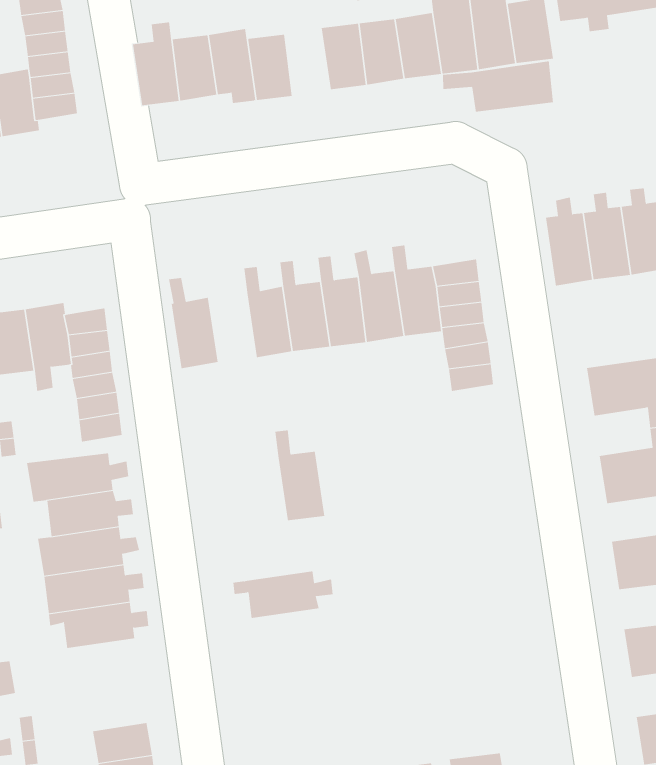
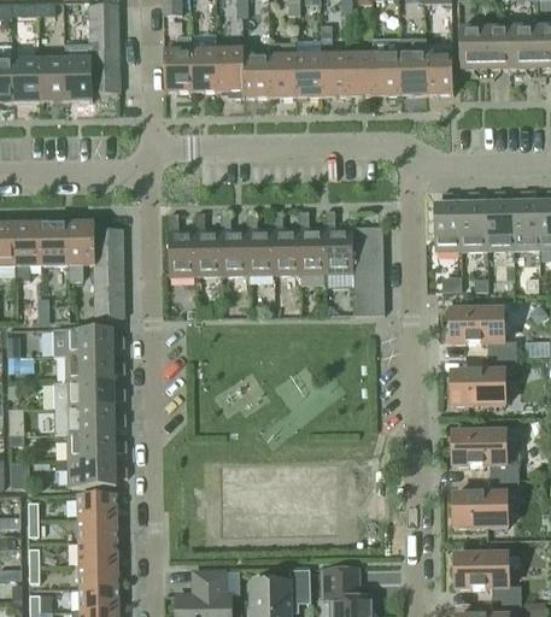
building: none -> [269,41,295,98]
building: [443,60,553,113] -> none
building: [275,430,325,521] -> [194,212,222,275]
building: [232,571,334,619] -> [58,458,127,486]
building: none -> [77,493,116,518]

